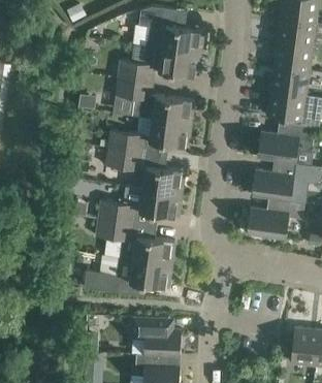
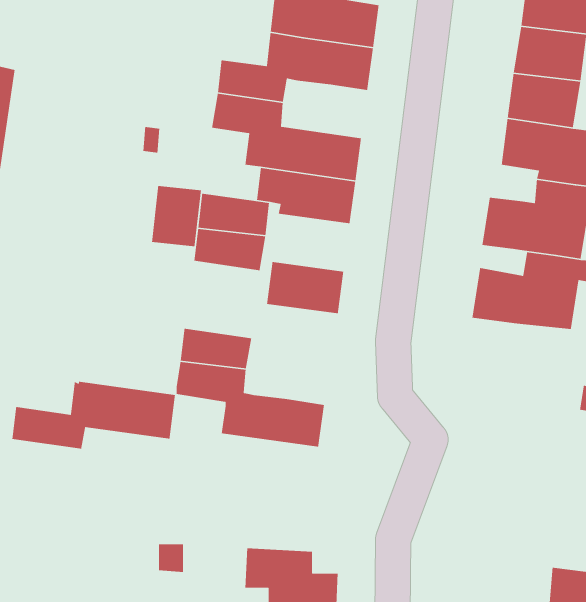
building: none -> [151,185,202,247]
building: [140,189,182,217] -> none
building: [247,199,304,240] -> none
building: [85,257,171,293] -> [11,381,176,449]

